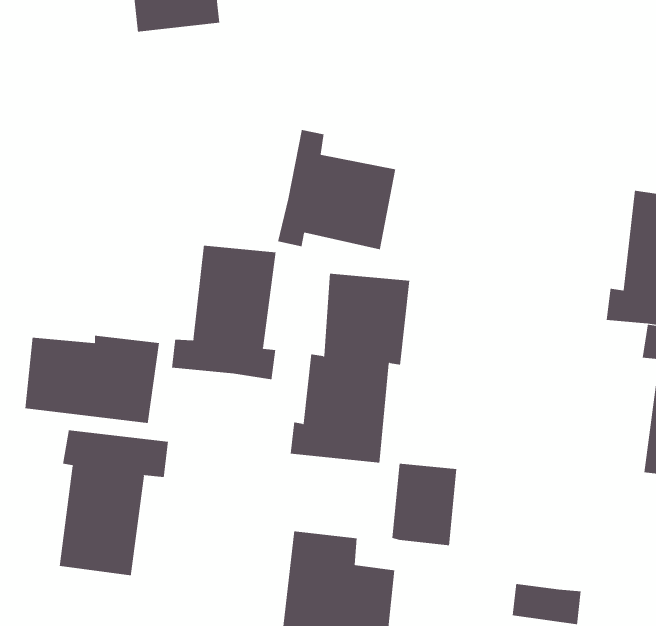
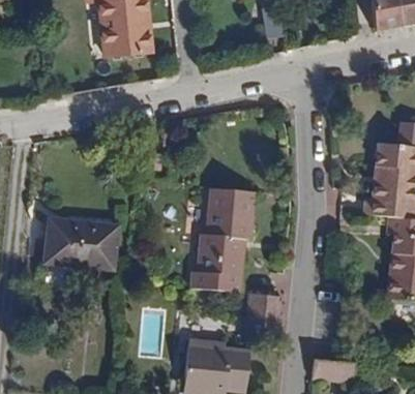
building: [278,129,396,250] -> none
building: [171,245,276,380] -> none
building: [59,429,168,576] -> none

